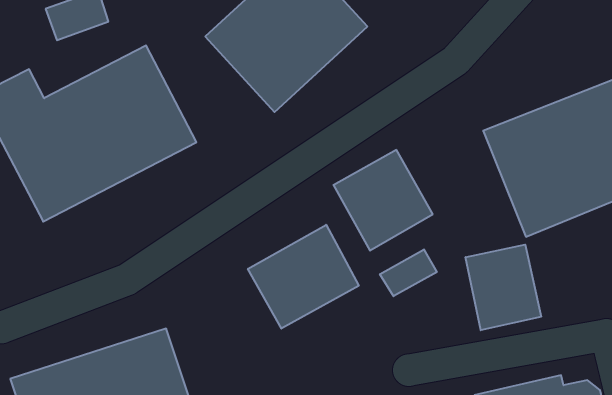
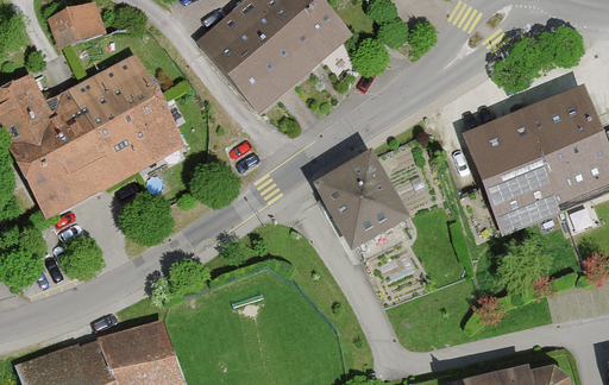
building: [248,225,359,329] -> none
building: [466,245,541,330] -> none
building: [380,249,437,296] -> none

